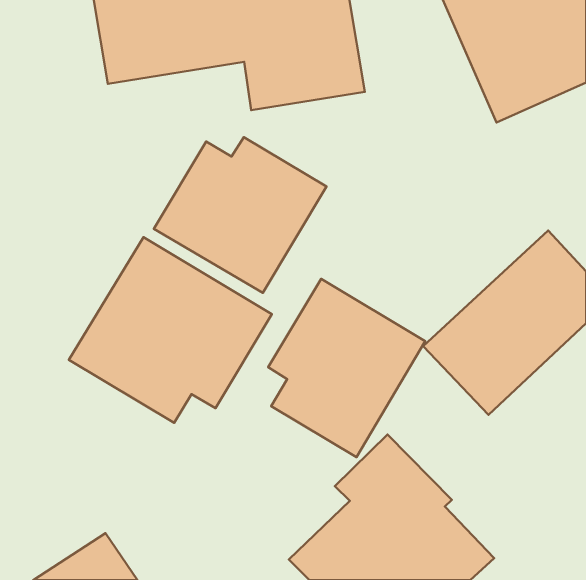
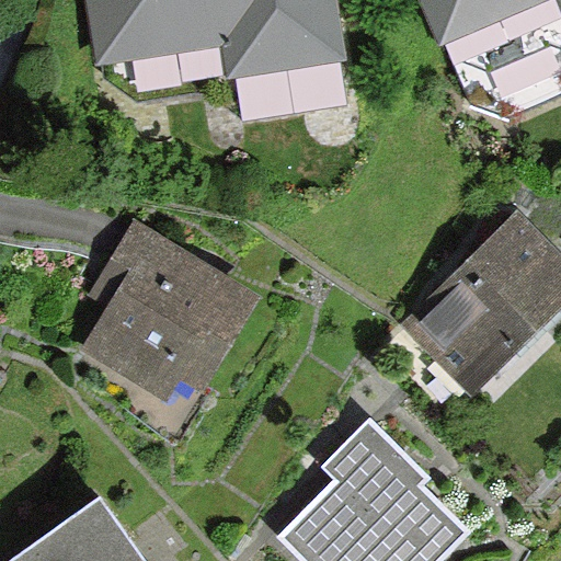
building: [154,137,326,293] -> none
building: [268,279,425,457] -> none

